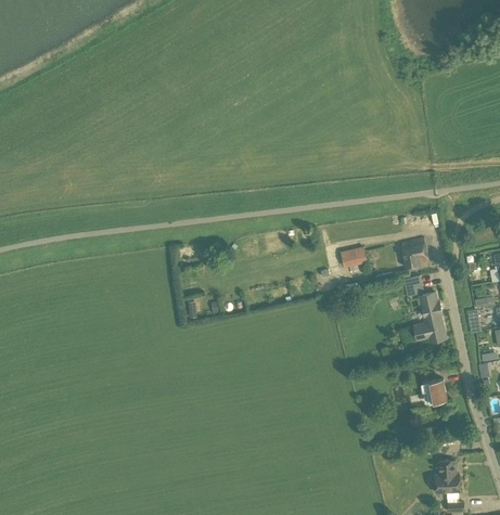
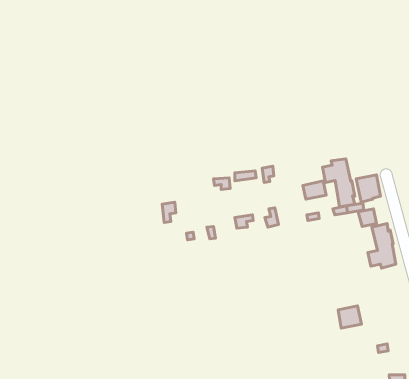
building: none -> [323,159,355,207]
building: [421,379,447,404] -> [338,306,361,328]

